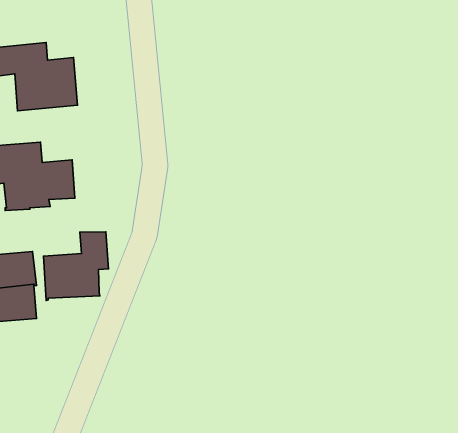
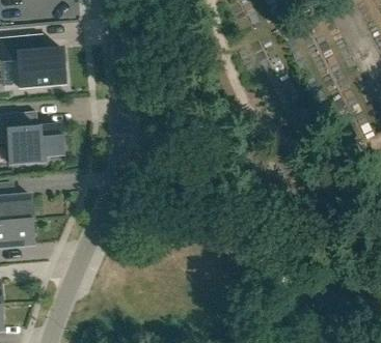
building: [43,232,109,300] -> none

